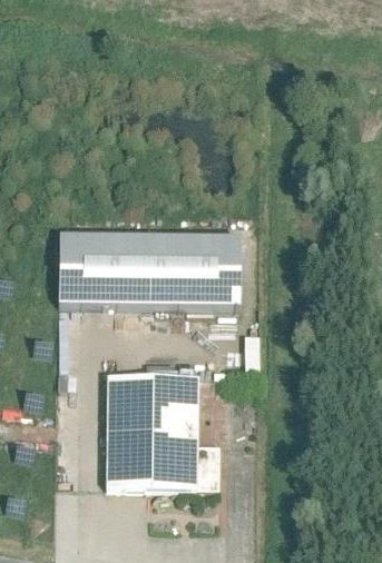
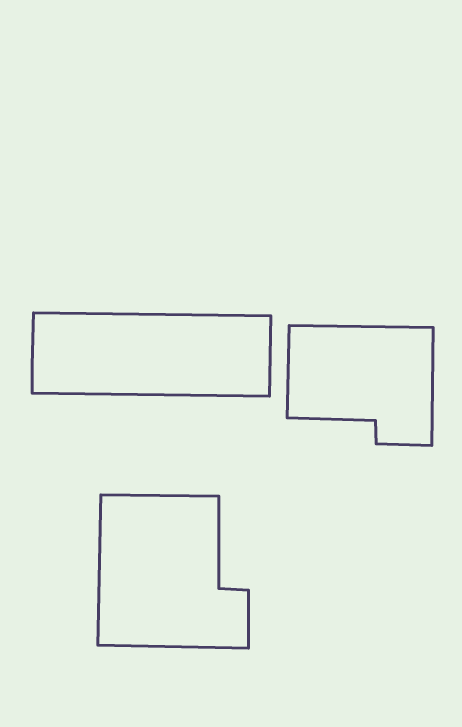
building: none -> [287,326,433,445]

